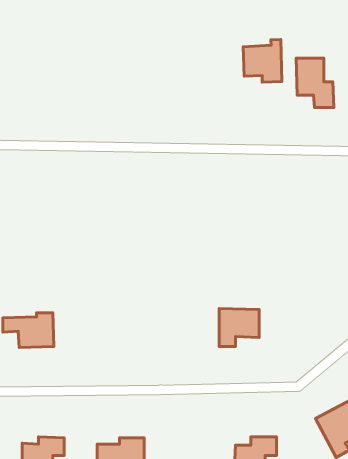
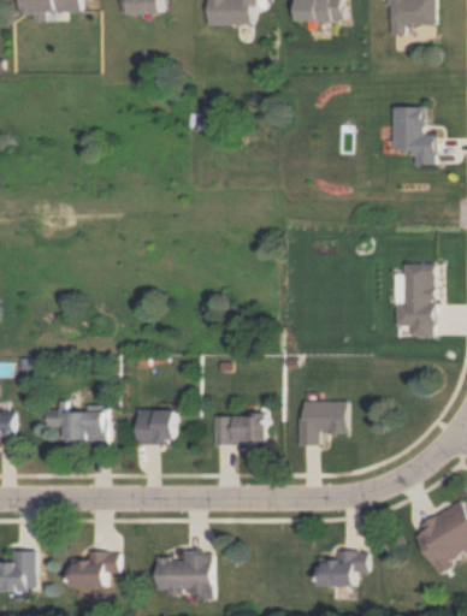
building: [243,39,282,82] -> none
building: none -> [395,263,435,334]
building: none -> [137,409,175,443]
building: none -> [213,414,266,444]

